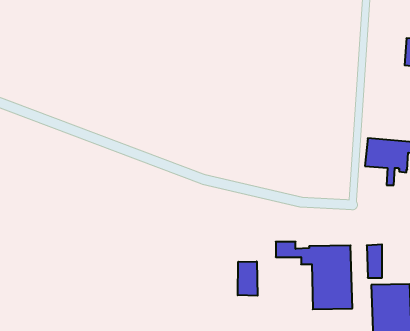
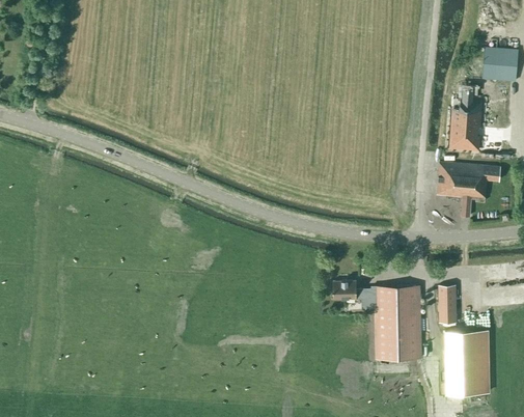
building: none -> [449,88,481,150]
building: [238,261,258,296] -> none

